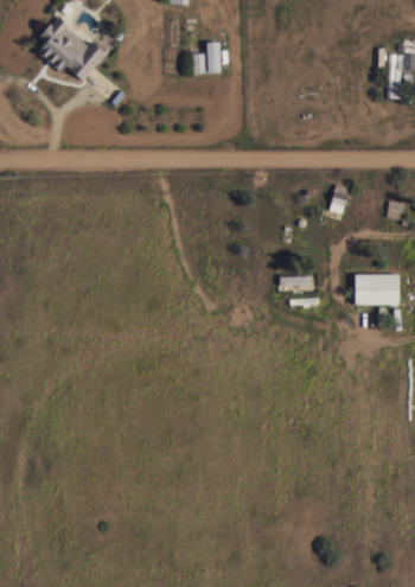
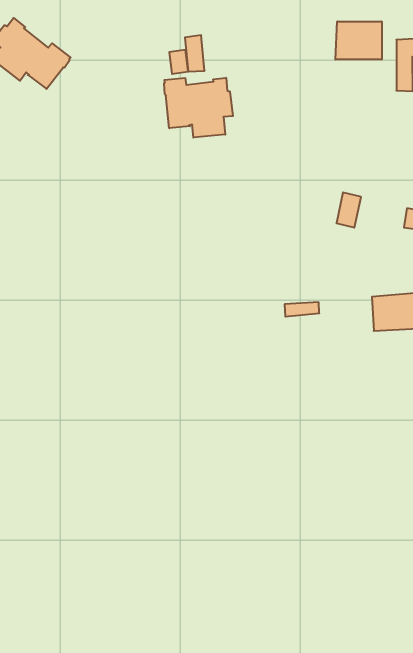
building: none -> [335,21,382,60]
building: none -> [164,78,233,138]

